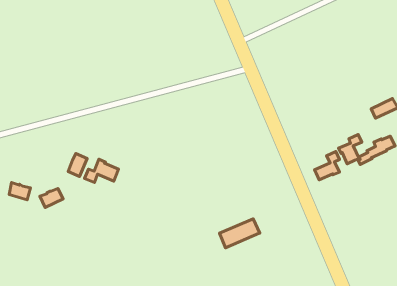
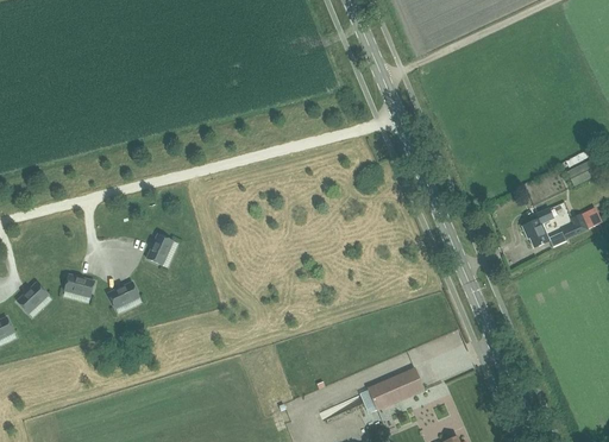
building: [314,151,339,180] -> none
building: [85,159,119,183] -> none
building: [220,219,260,248] -> [369,368,425,409]

